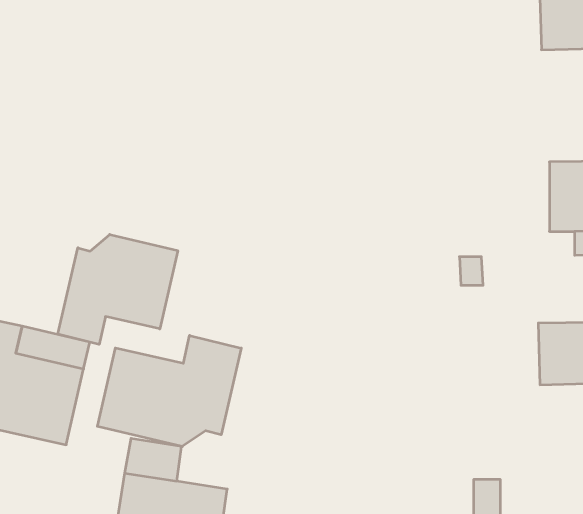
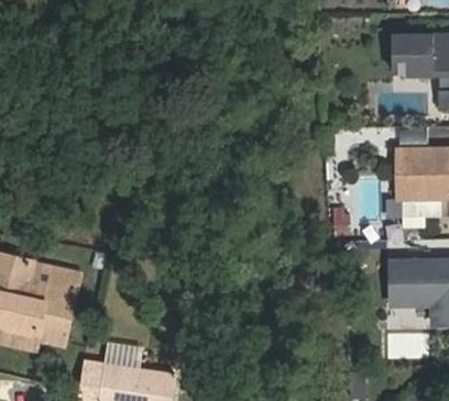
building: [58,234,178,344] -> none
building: [97,335,241,447] -> none

